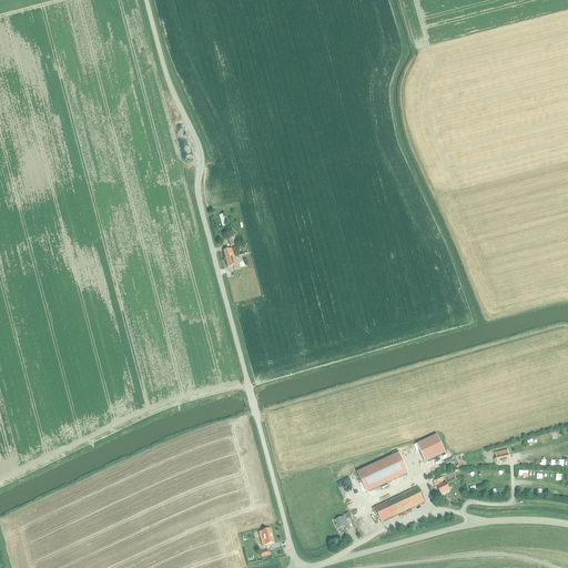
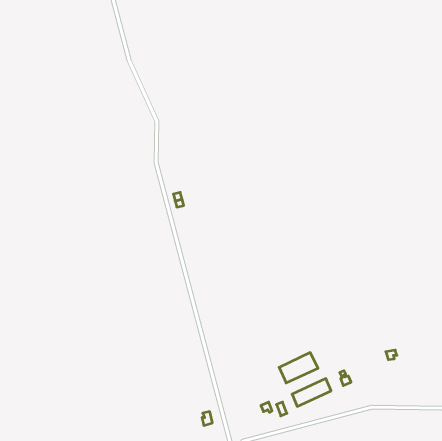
building: [416,434,445,462] -> none

